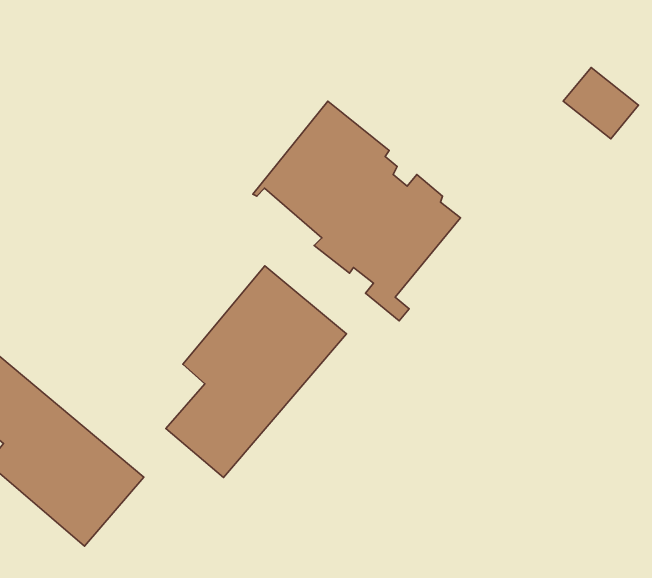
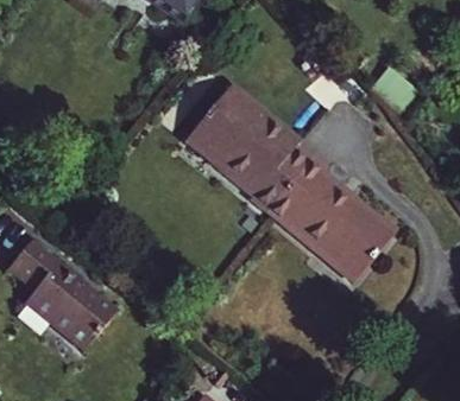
building: none -> [271,154,395,280]
building: [166,266,347,477] -> none

